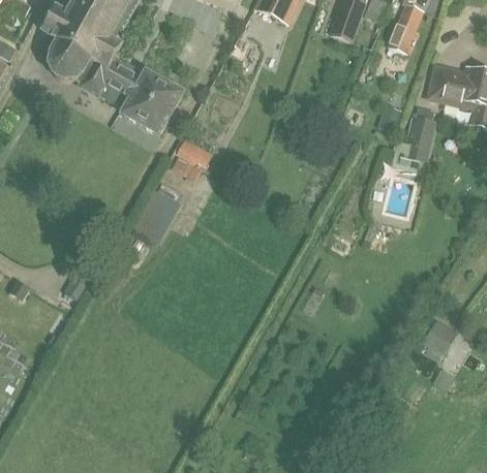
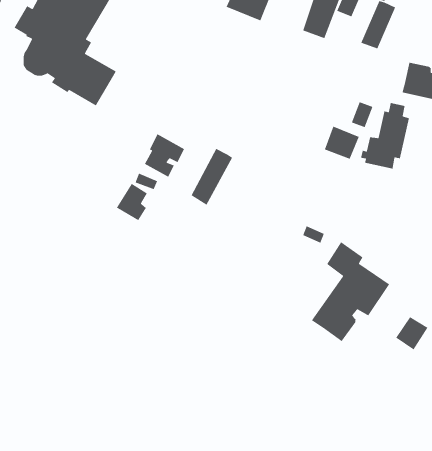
building: [122,71,181,132] -> none
building: none -> [324,126,360,160]
building: none -> [191,148,233,206]
building: none -> [311,241,390,342]

